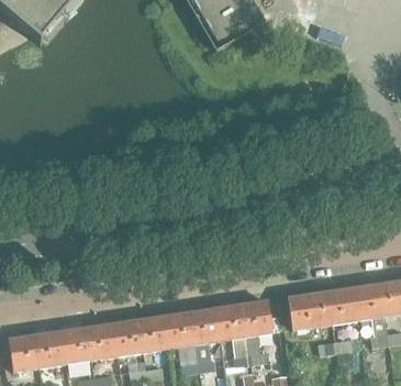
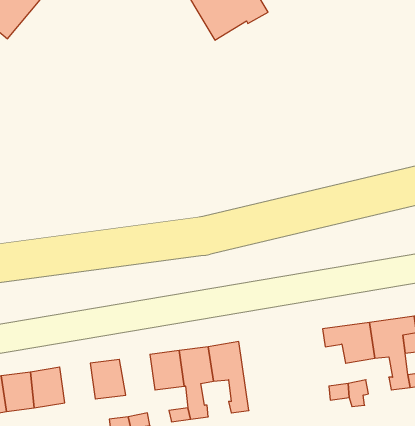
building: [286,294,332,329] -> none
building: [240,301,270,364] -> none
building: [136,316,167,351] -> none
building: [85,323,115,357] -> none

